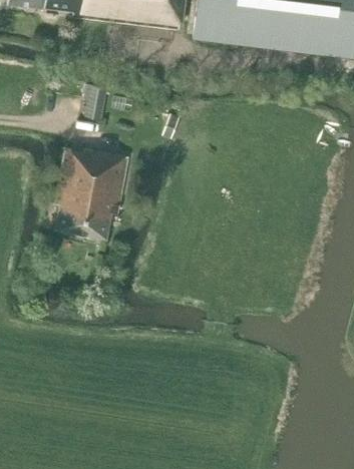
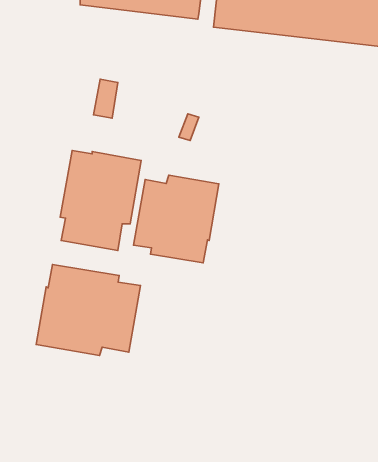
building: none -> [134,175,219,263]
building: none -> [36,264,140,356]

